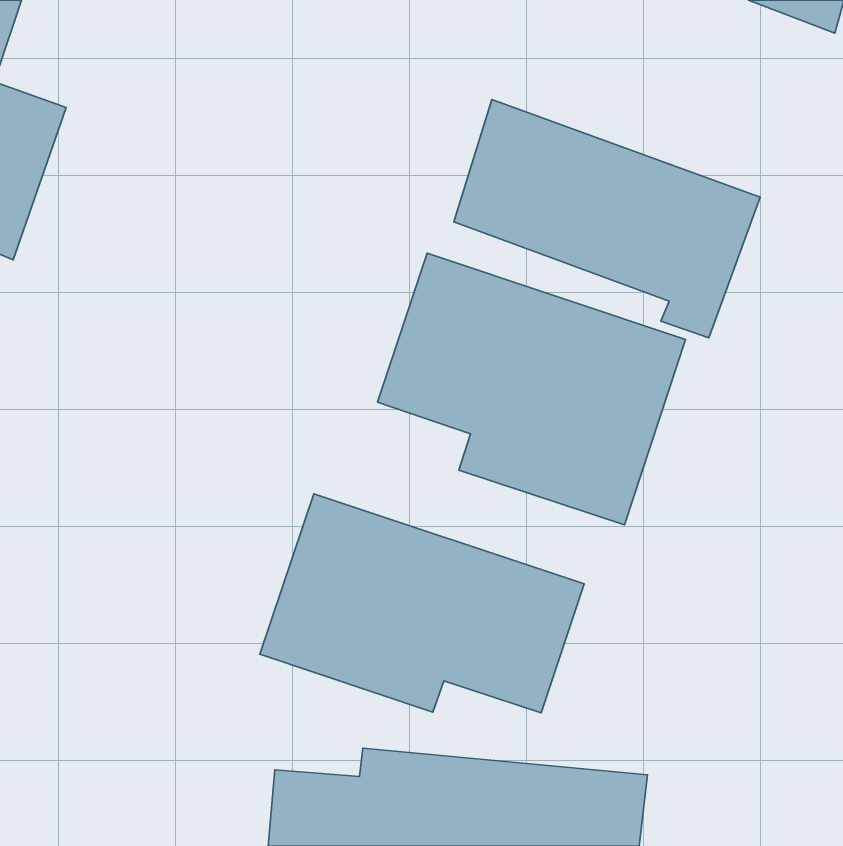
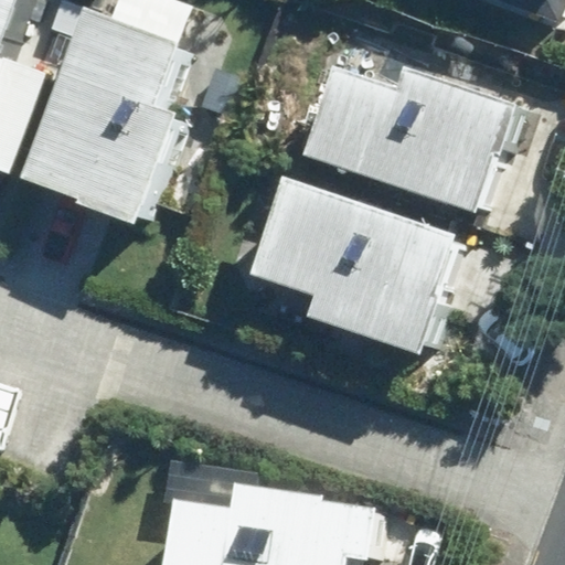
building: none -> [21,9,177,226]
building: [260,494,584,713] -> none

